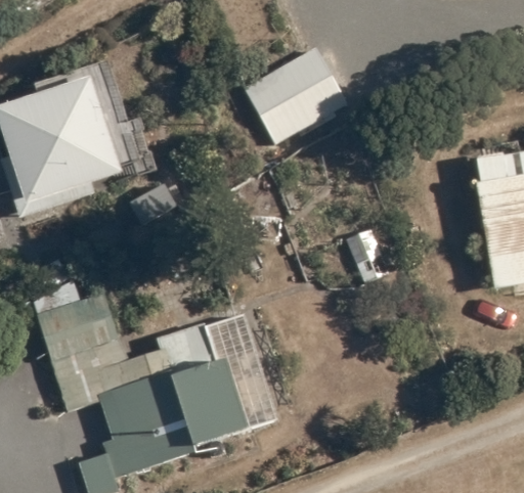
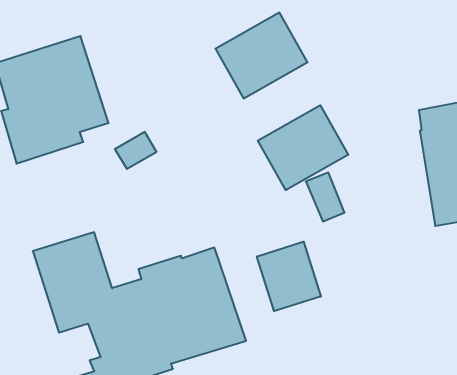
building: none -> [258,105,348,190]
building: none -> [257,242,321,311]

